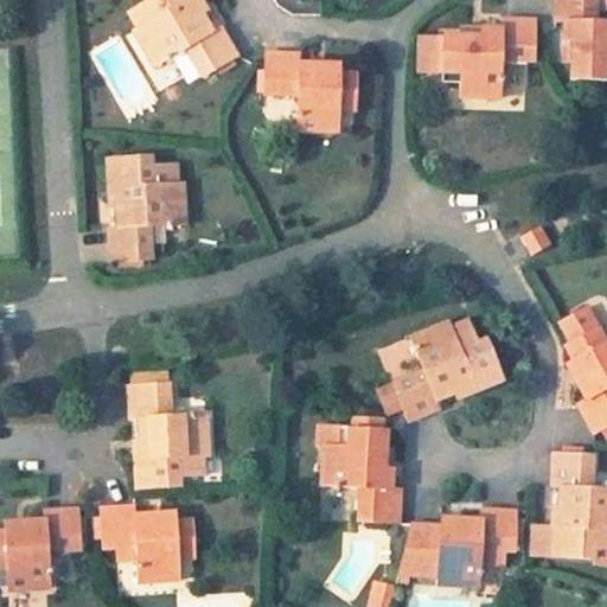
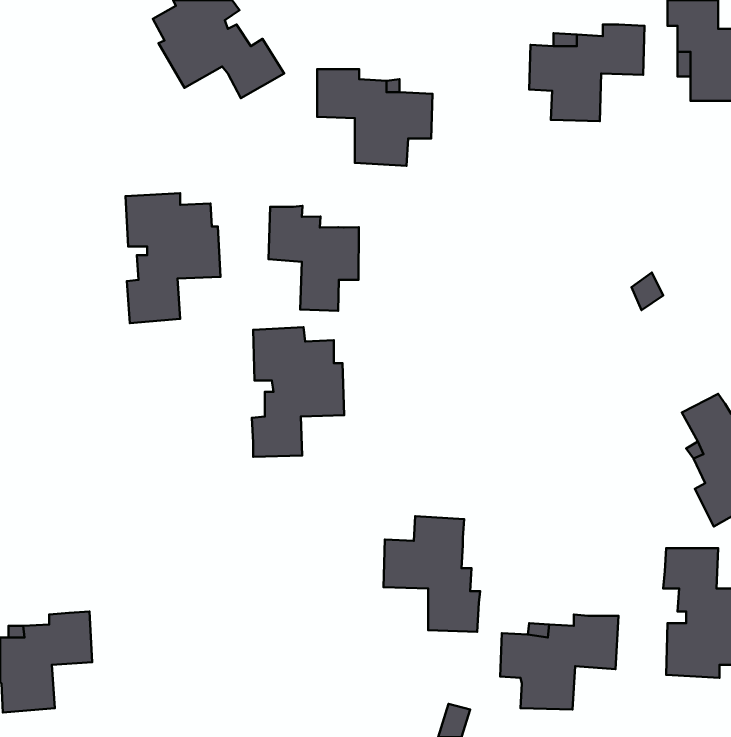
building: none -> [268,206,359,311]
building: [392,318,501,417] -> none
building: [134,377,210,484] -> [252,327,344,457]
building: [100,500,198,579] -> none

